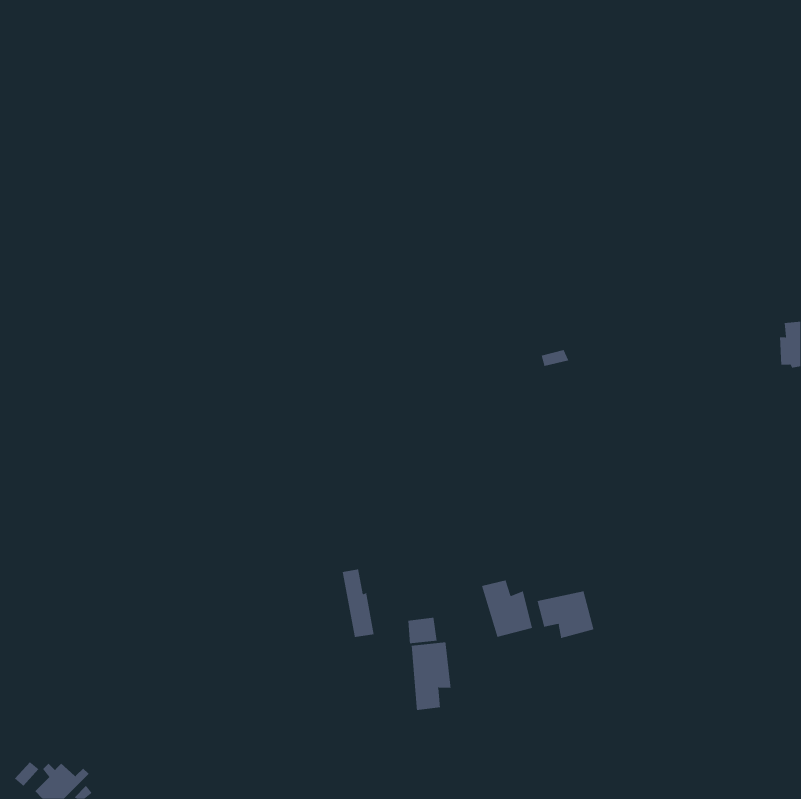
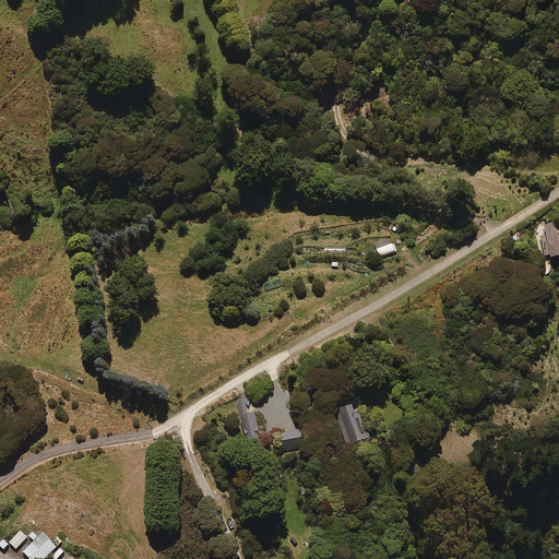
building: [537,591,594,639] -> none
building: [411,641,451,711] -> none

